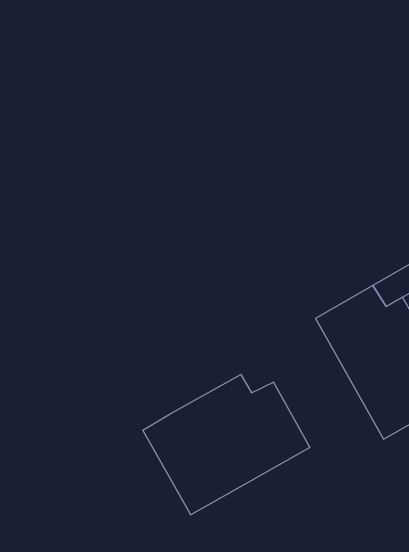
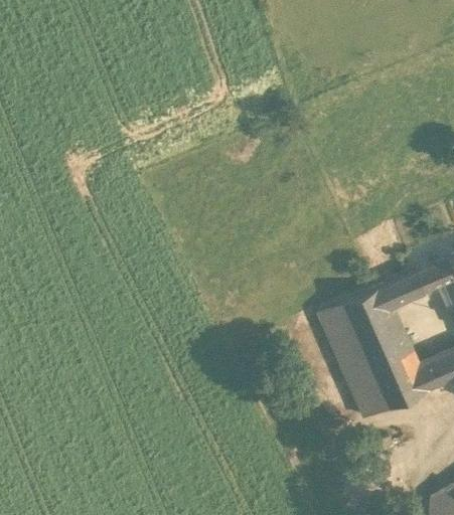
building: [143,374,310,515] -> none

